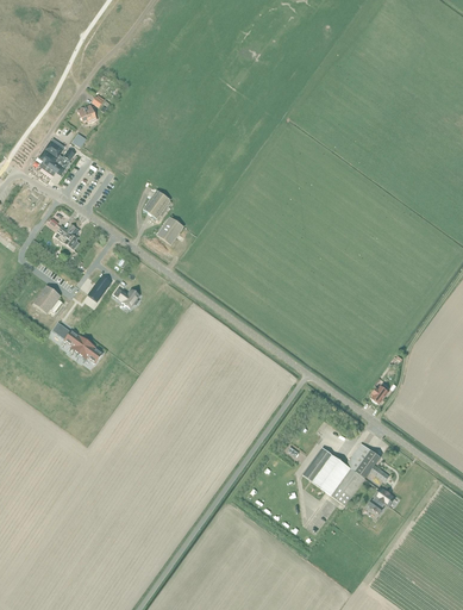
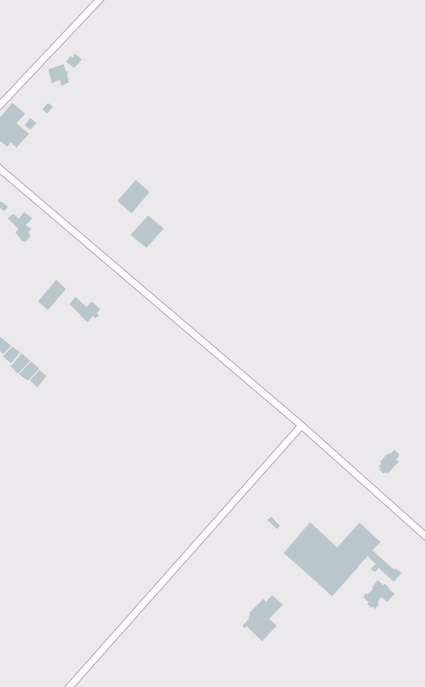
building: none -> [242,594,284,642]

